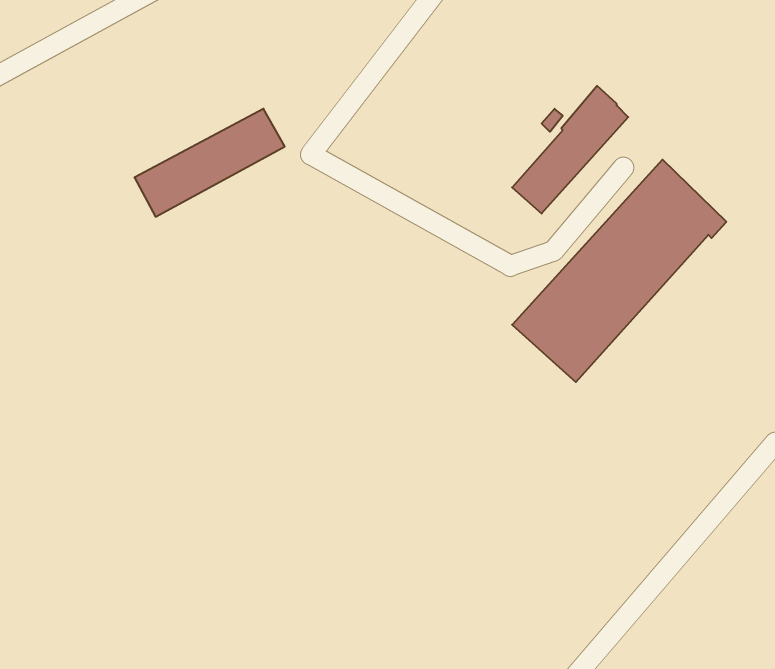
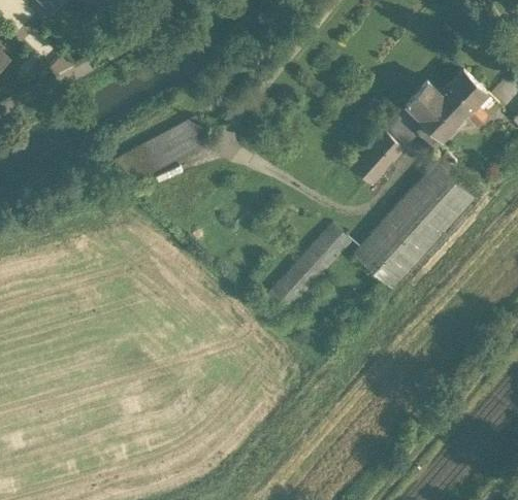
building: none -> [404,67,486,141]
building: none -> [260,223,352,320]

